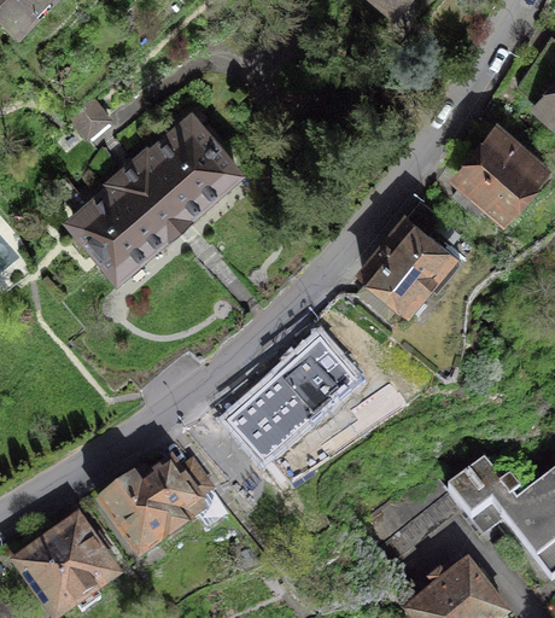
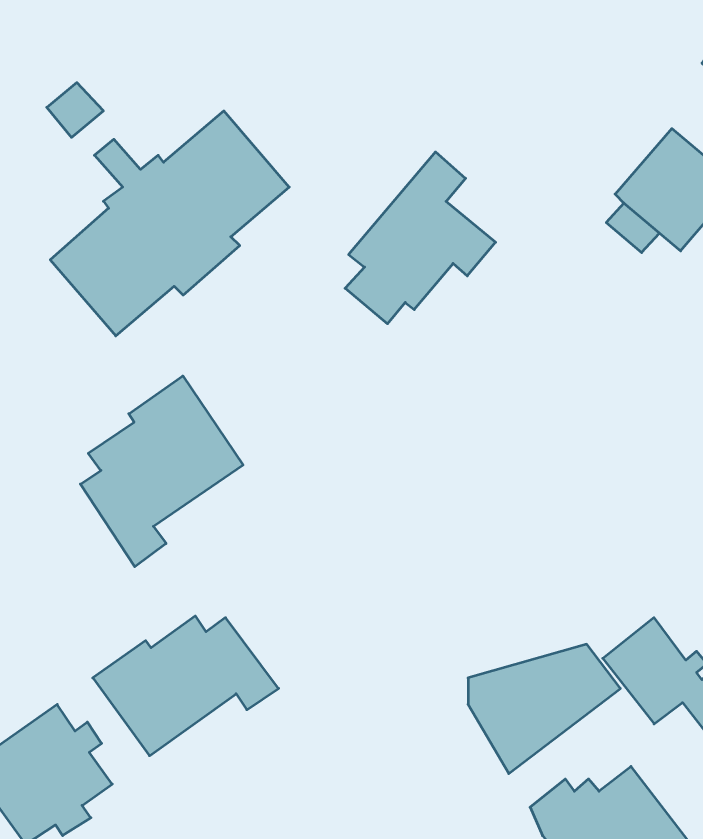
building: [360,198,462,315] -> [345,152,496,324]
building: none -> [80,376,243,567]
building: [222,325,367,466] -> none

